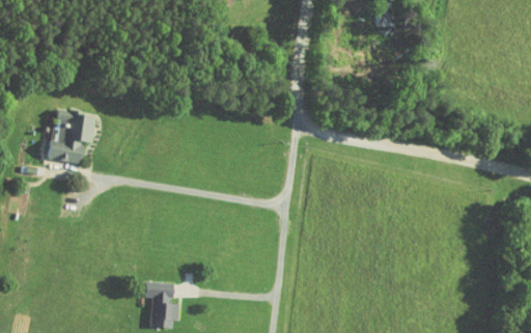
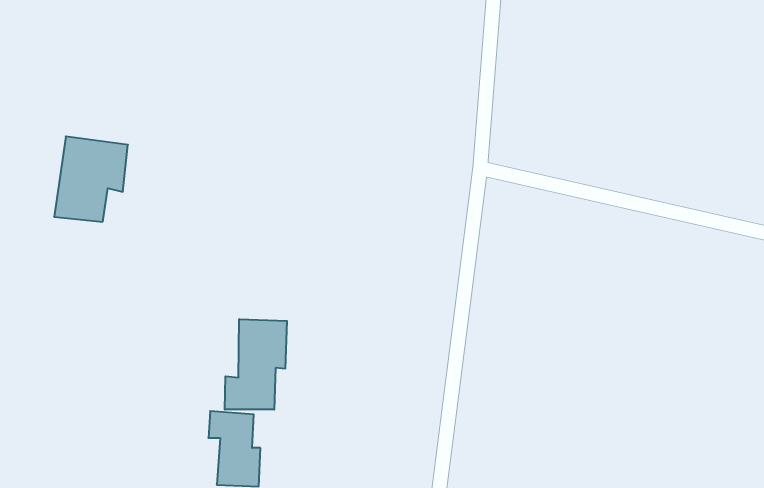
building: none -> [225,319,287,410]

